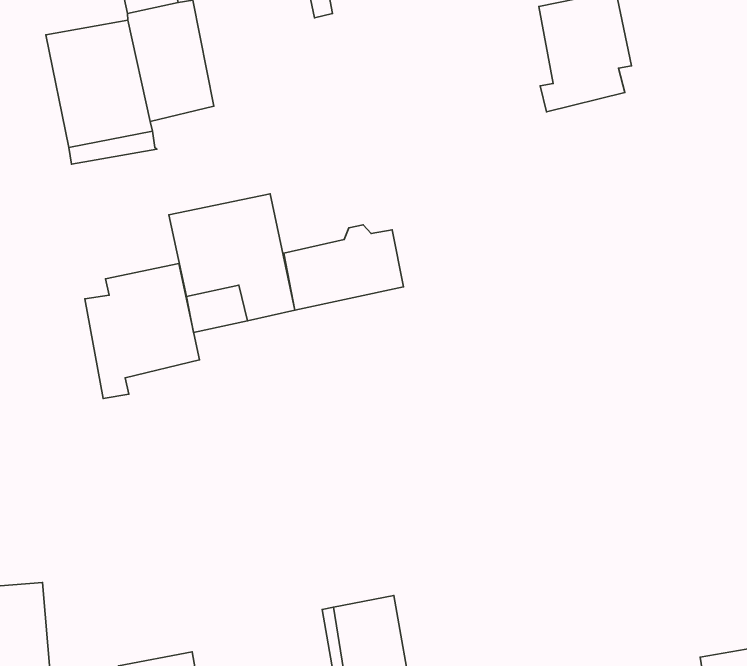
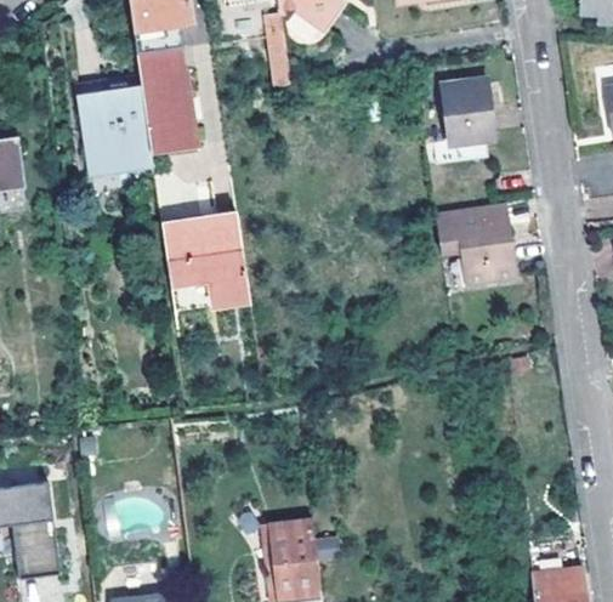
building: none -> [436,204,516,289]
building: [284,225,403,310] -> none
building: [85,264,199,398] -> none

